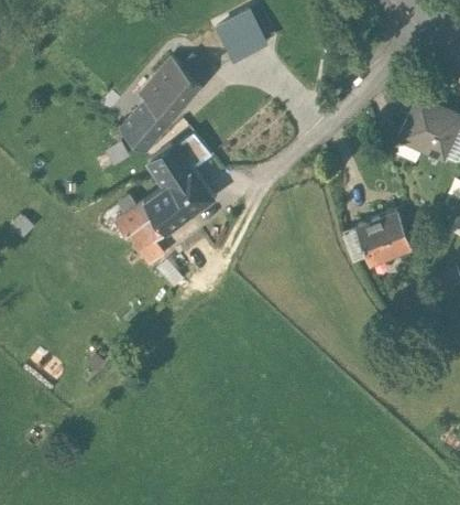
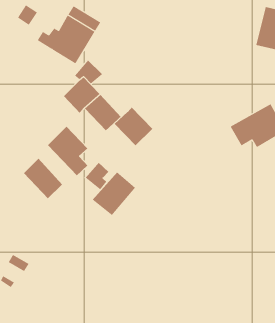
building: [119,105,171,155] -> none
building: [146,184,194,234] -> [114,106,153,146]
building: none -> [23,158,63,199]
building: none -> [92,172,136,216]

